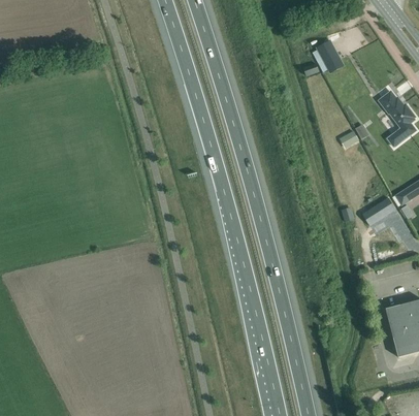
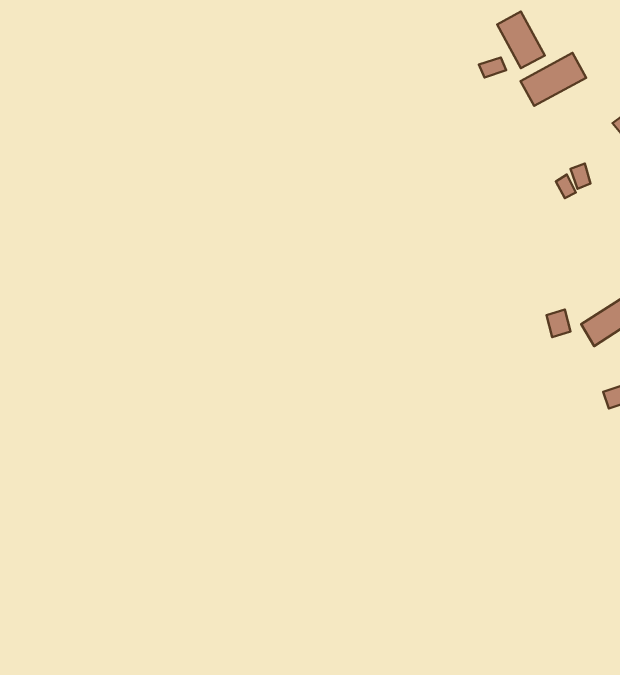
building: none -> [521,53,586,106]

